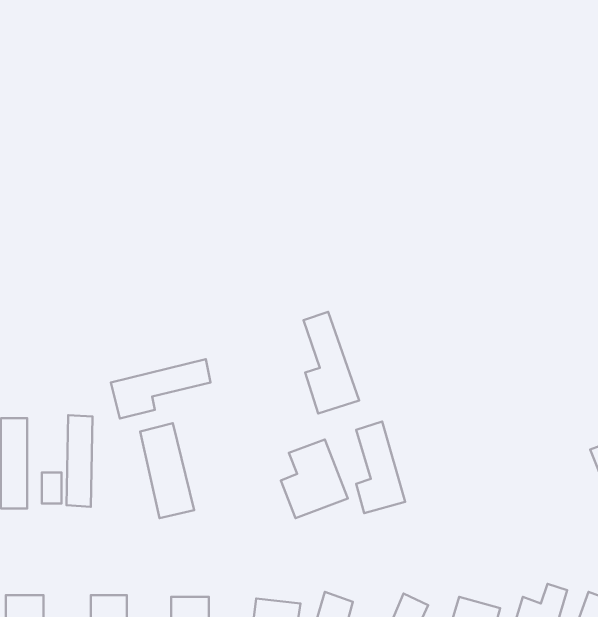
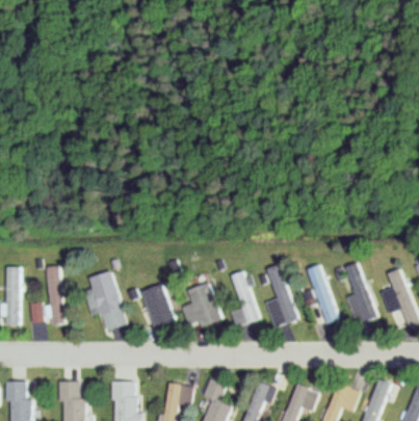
building: [303,312,359,414] -> [265,264,300,328]
building: [111,359,211,418] -> none
building: none -> [335,261,376,323]
building: none -> [304,264,341,326]
building: none -> [141,285,176,327]

